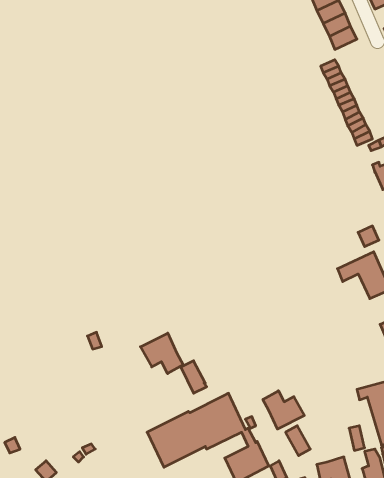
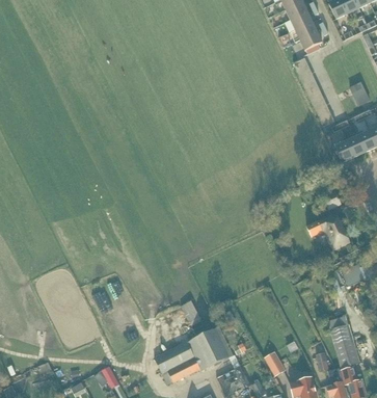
building: [140,333,183,374] -> none
building: [263,391,304,429] -> none

